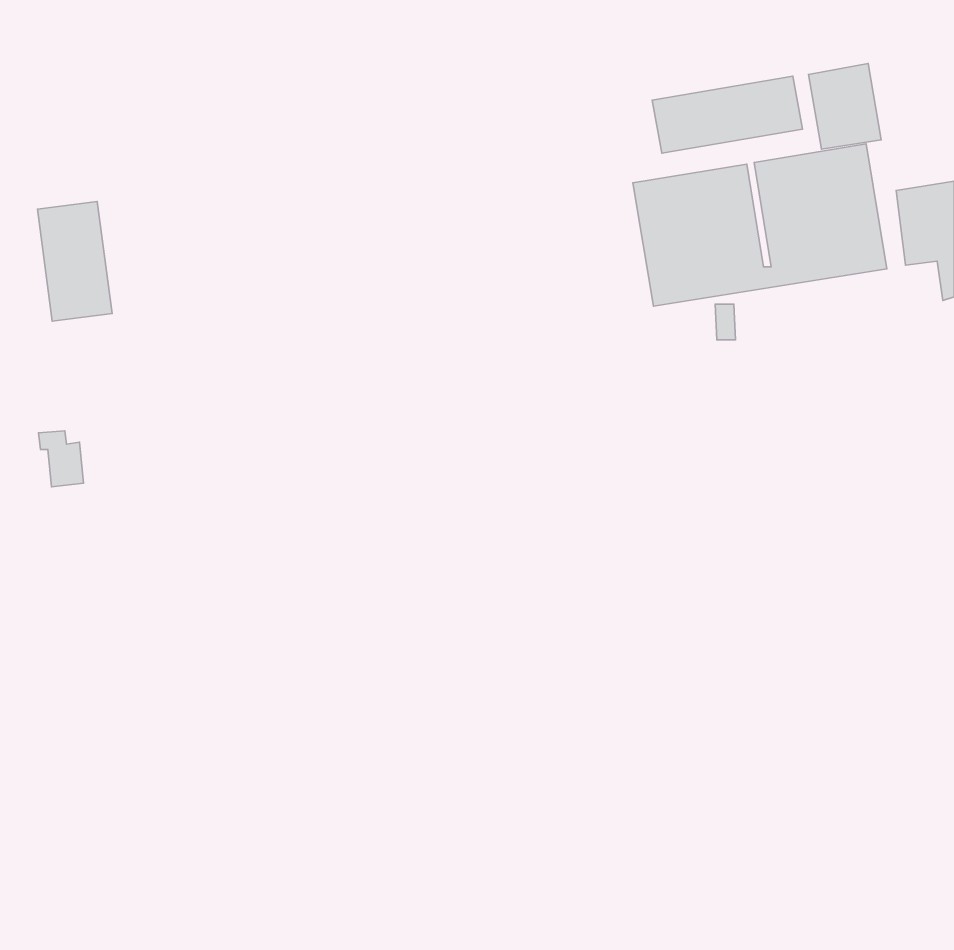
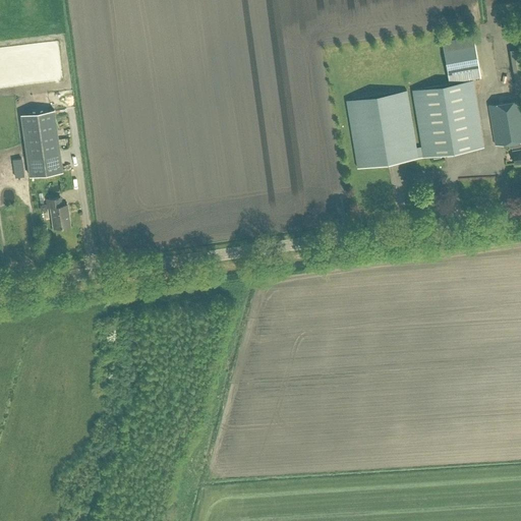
building: [652,76,802,153] -> none
building: [39,431,83,487] -> [46,199,70,230]

